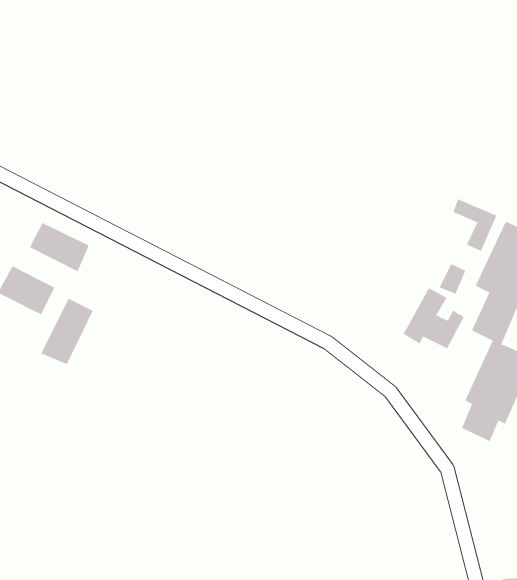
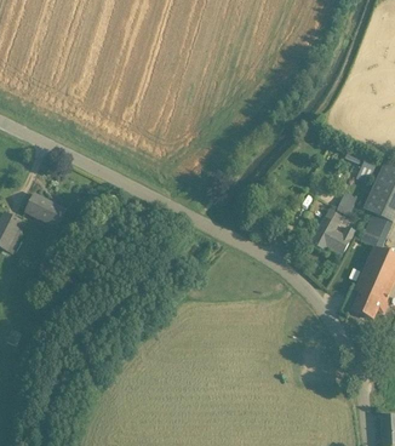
building: [29,222,90,272] -> none
building: [40,298,94,365] -> none

